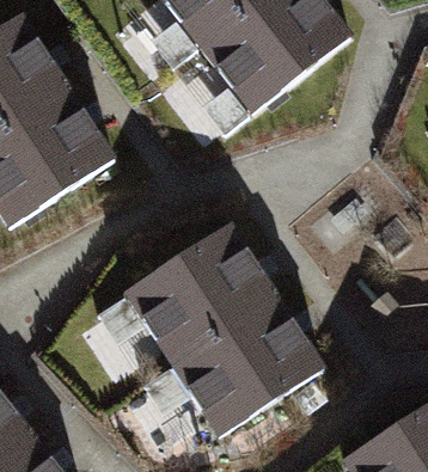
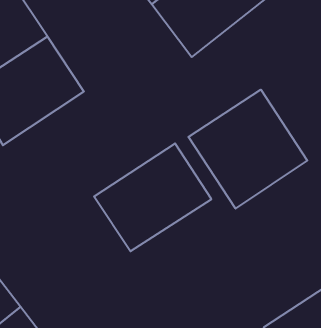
building: none -> [188,90,307,209]
building: [173,296,323,434] -> none

